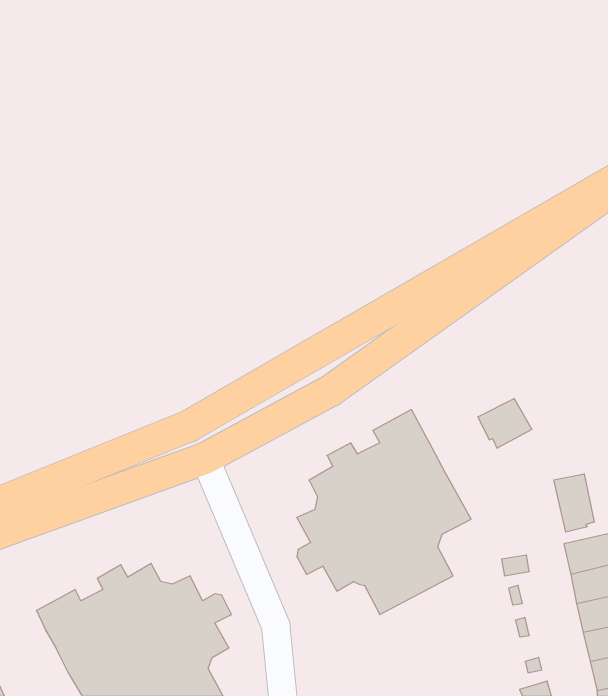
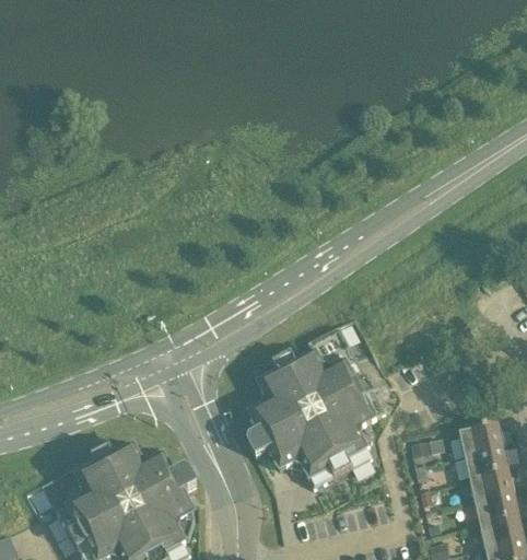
building: [478,399,532,448] -> none
building: [554,474,594,532] -> none

